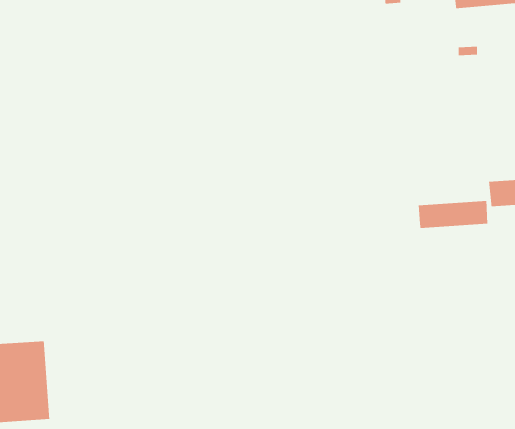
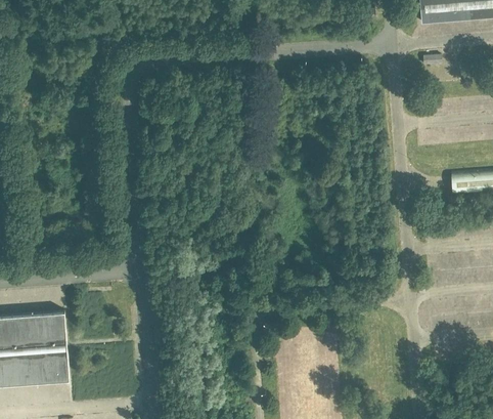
building: [418,200,488,229] -> none

